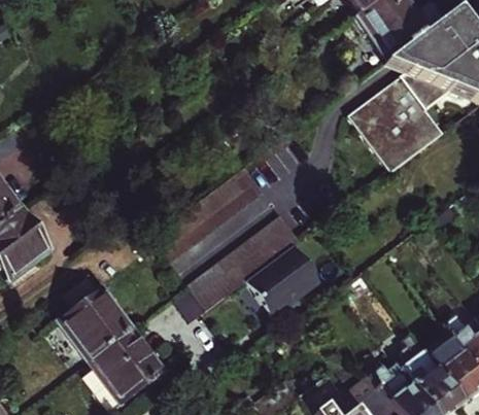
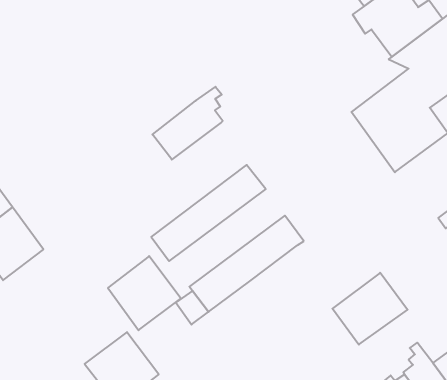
building: none -> [152,87,223,160]
building: [250,244,323,314] -> [332,273,408,345]
building: [60,287,131,359] -> [108,256,181,330]

